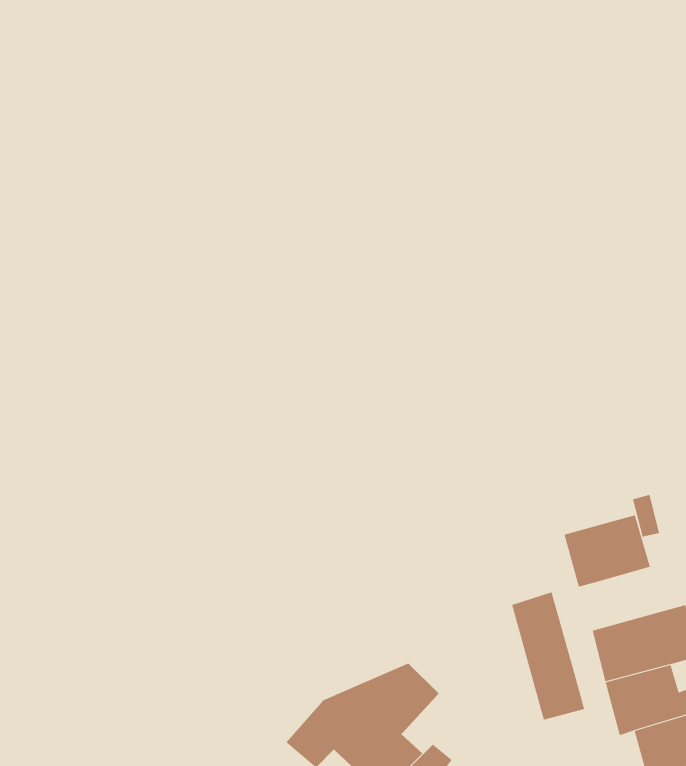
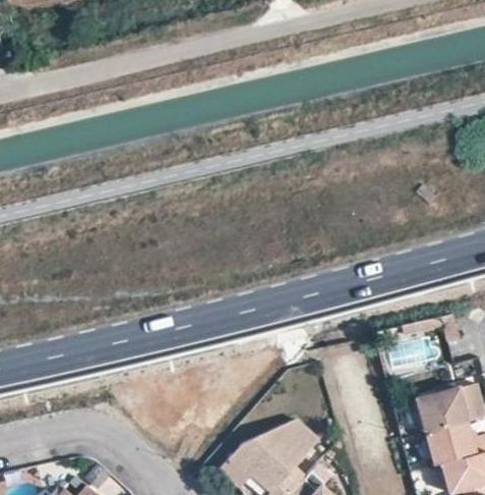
building: [564,515,651,587] -> none
building: [512,592,585,720] -> none

